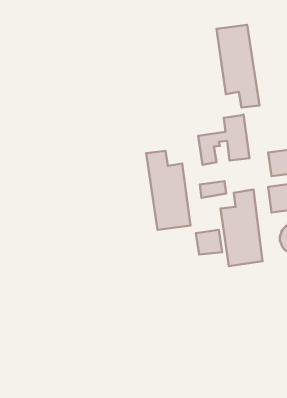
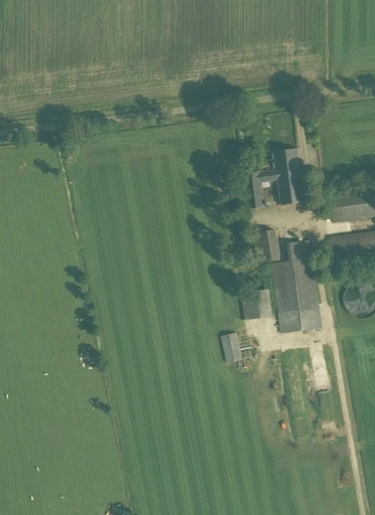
building: [217,25,259,107] -> none
building: [146,151,190,230] -> none
building: none -> [220,332,241,362]

